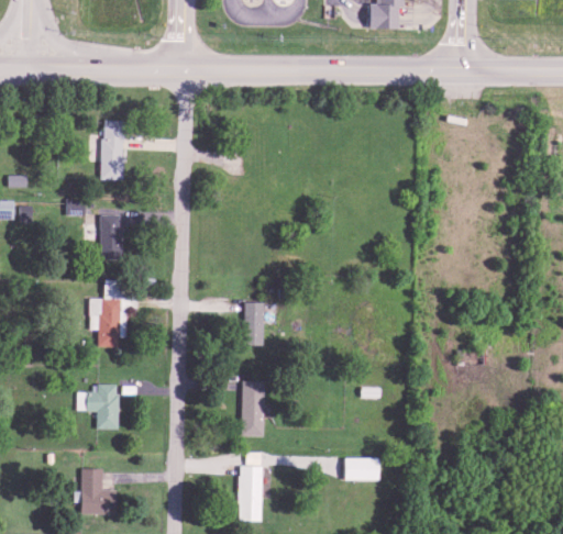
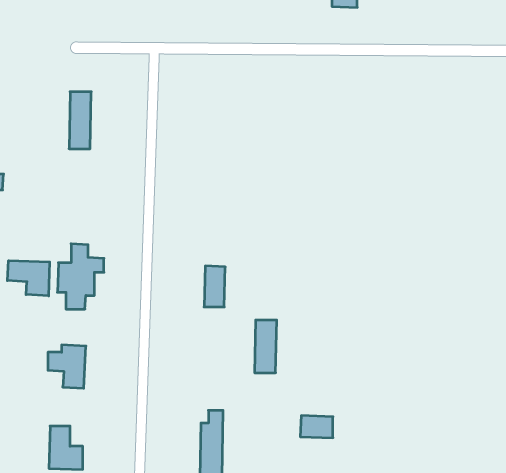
building: [100,214,122,258] -> none
building: none -> [7,261,50,296]
building: [241,380,264,435] -> [255,320,277,373]

